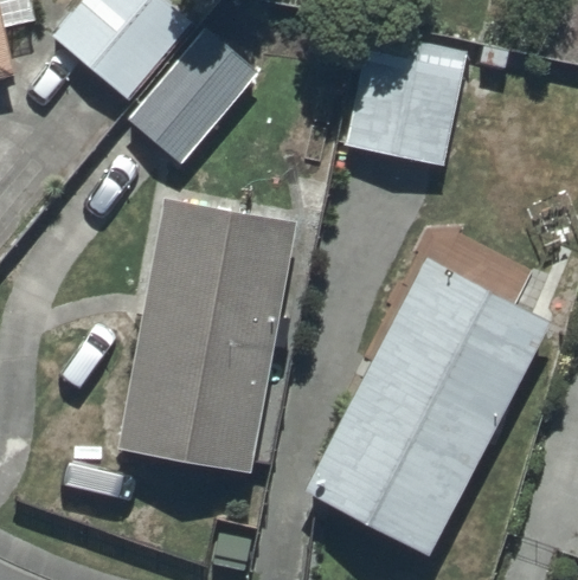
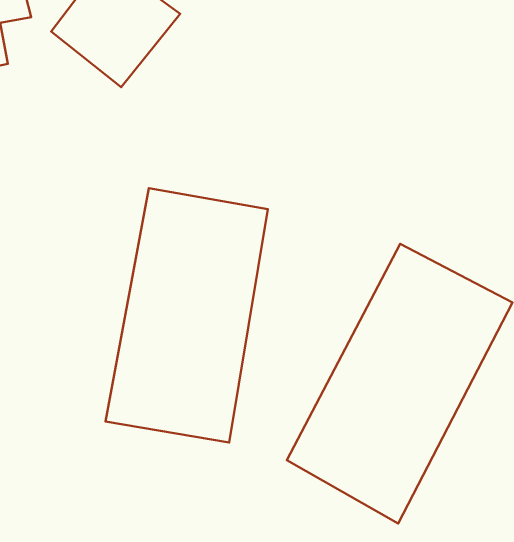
building: [114,15,258,167] -> none
building: [348,34,468,163] -> none

